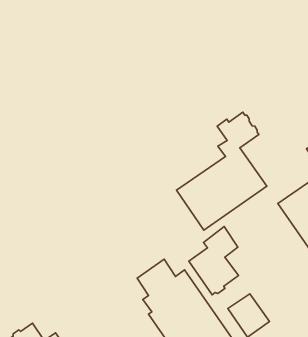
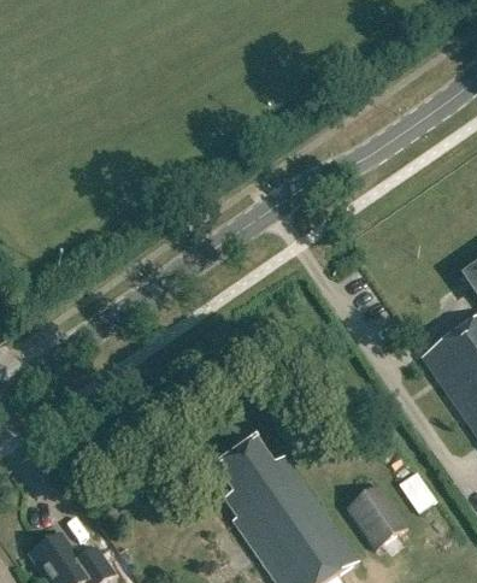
building: [177,112,267,230] -> none
building: [189,227,238,295] -> none

